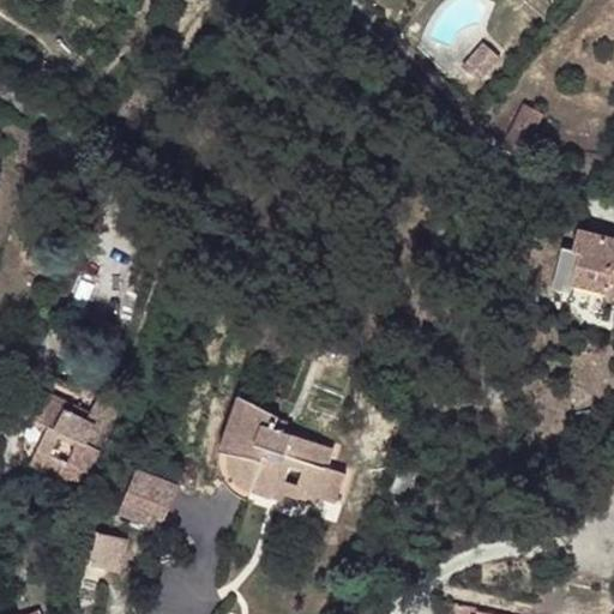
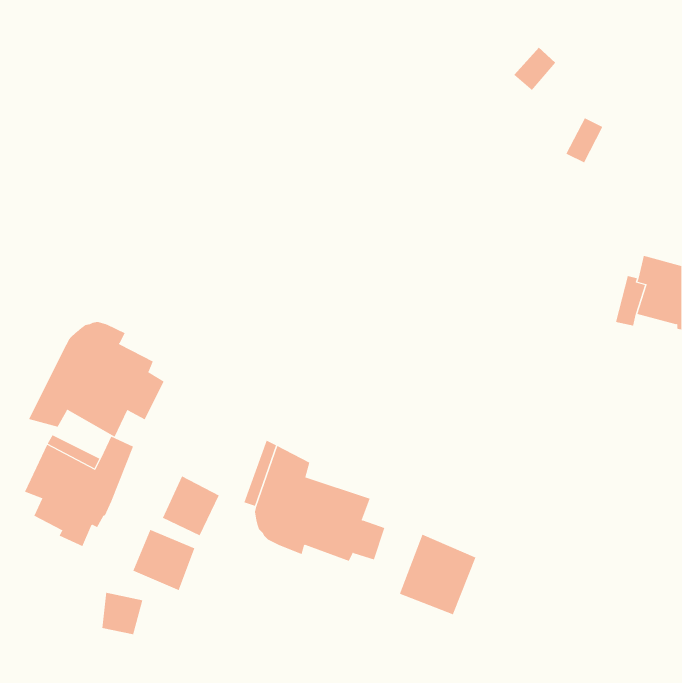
building: none -> [28,321,165,438]
building: none -> [162,476,219,536]
building: none -> [399,534,476,615]

